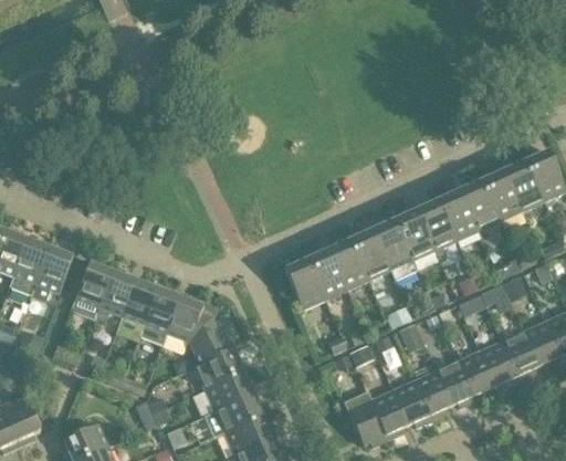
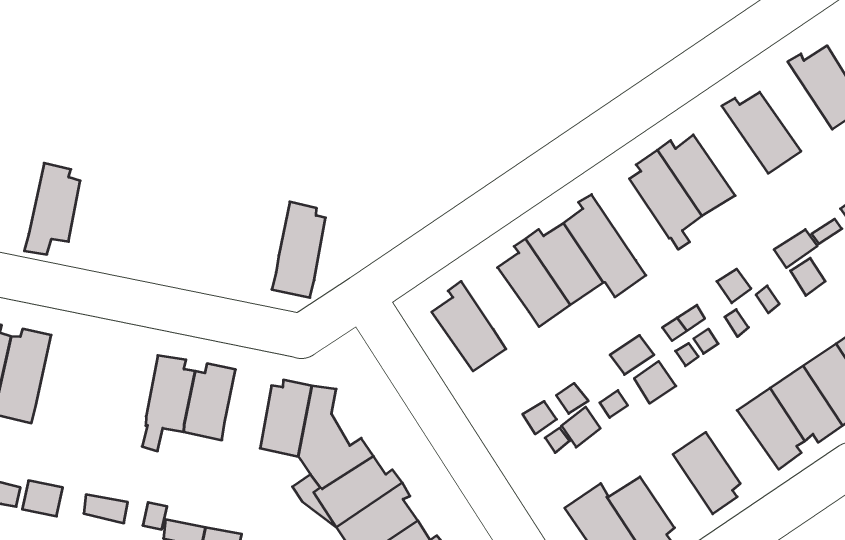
building: [504,156,544,211] -> none
building: [460,176,501,232] -> none
building: [392,210,434,260] -> none
building: [32,244,73,300] -> [24,163,80,254]
building: [305,248,347,300] -> none
building: [72,261,115,319] -> none
building: [140,284,180,344] -> [272,202,326,298]
building: [437,360,476,408] -> none
building: [392,380,432,427] -> none

